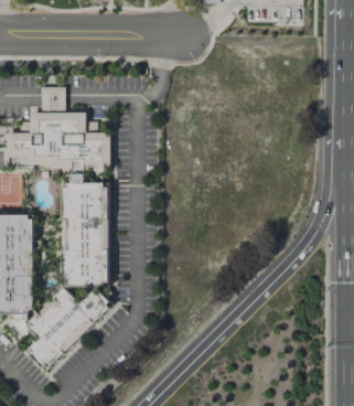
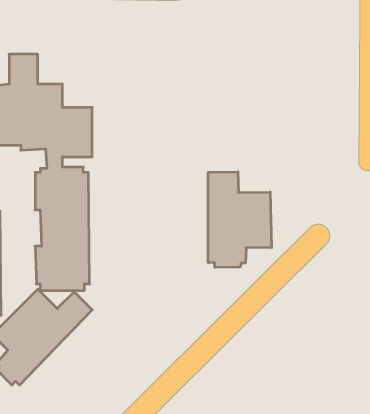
building: none -> [208,172,272,267]

